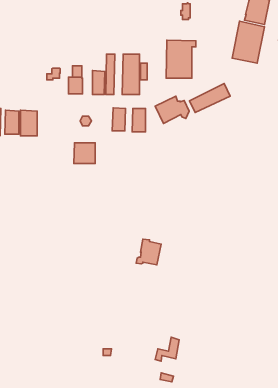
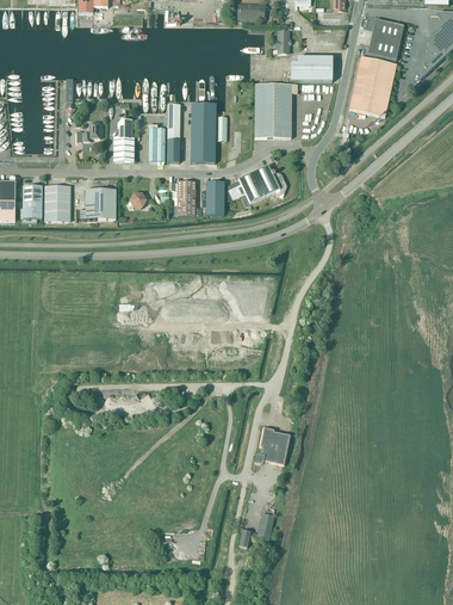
building: none -> [290,56,333,81]
building: [189,84,230,113] -> none
building: [74,143,95,163] -> [85,189,116,218]
building: [136,239,161,265] -> [254,427,290,464]

